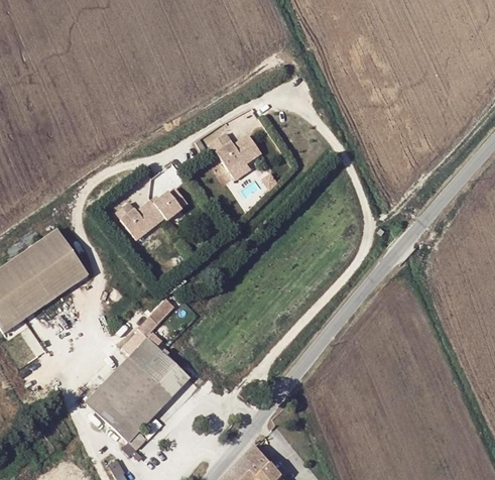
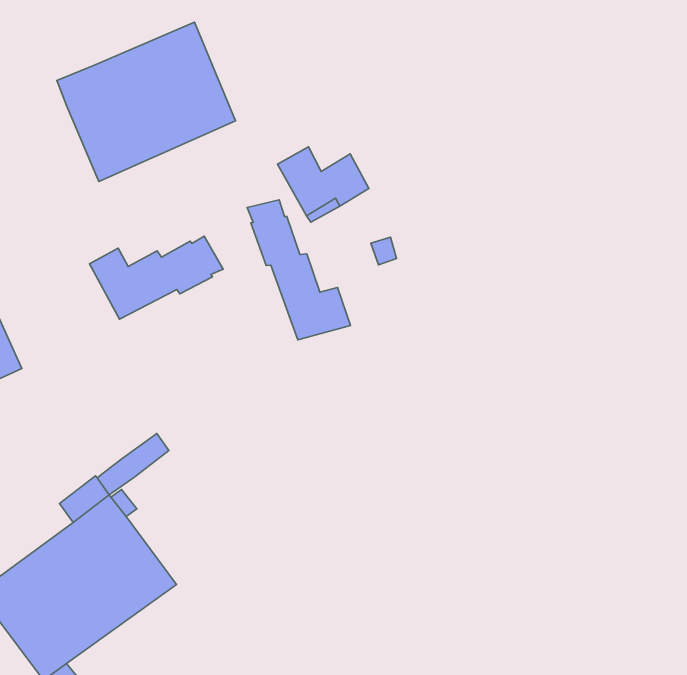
building: none -> [57,22,235,182]
building: none -> [247,200,351,340]

